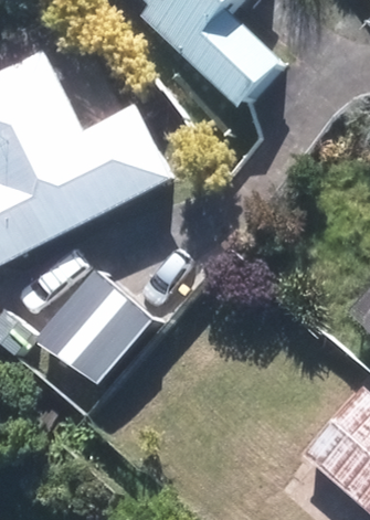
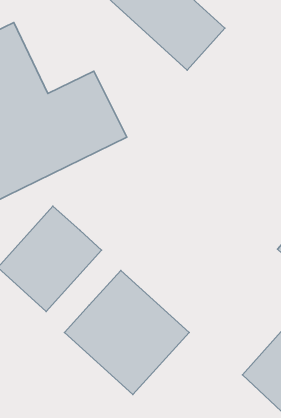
building: none -> [65,271,189,395]

